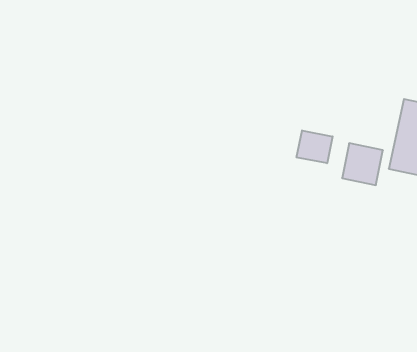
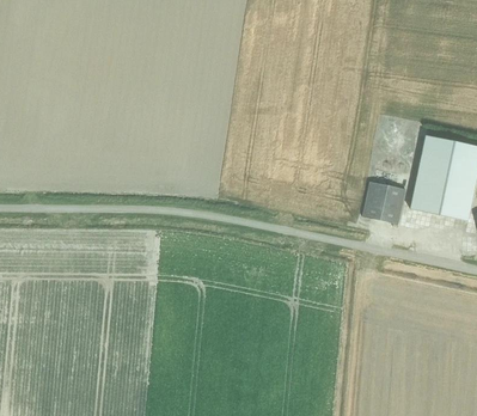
building: [297,130,333,163] -> none

